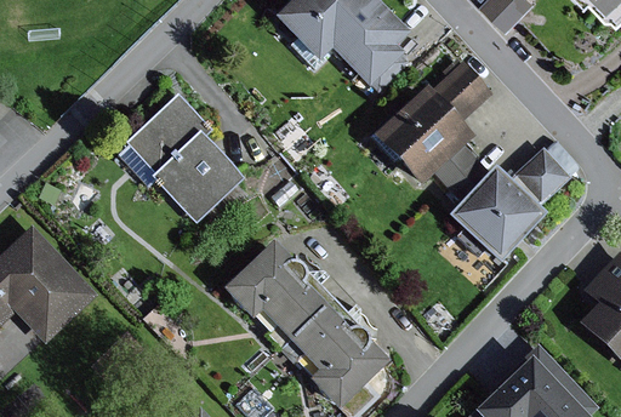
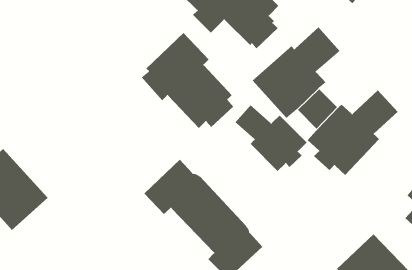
building: [119,92,246,224] -> [141,32,234,129]
building: none -> [235,104,307,172]

